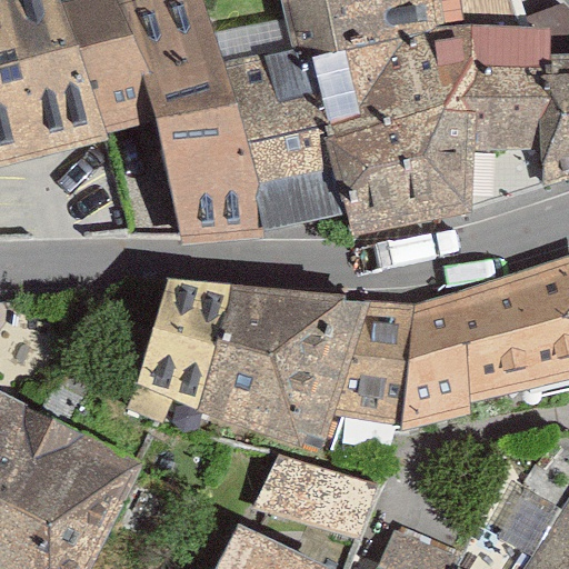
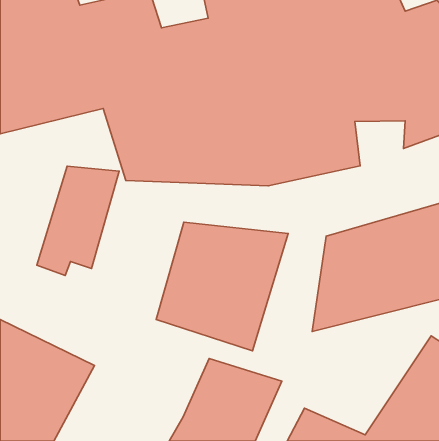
building: [136,278,241,418] -> [37,166,119,276]
building: [340,299,423,425] -> none

